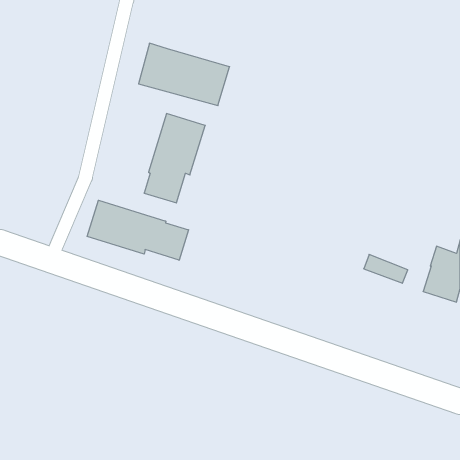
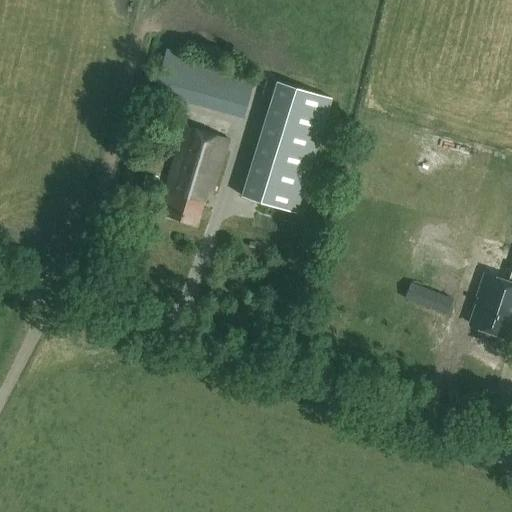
building: none -> [241,82,331,214]
building: [87,200,189,260] -> none

